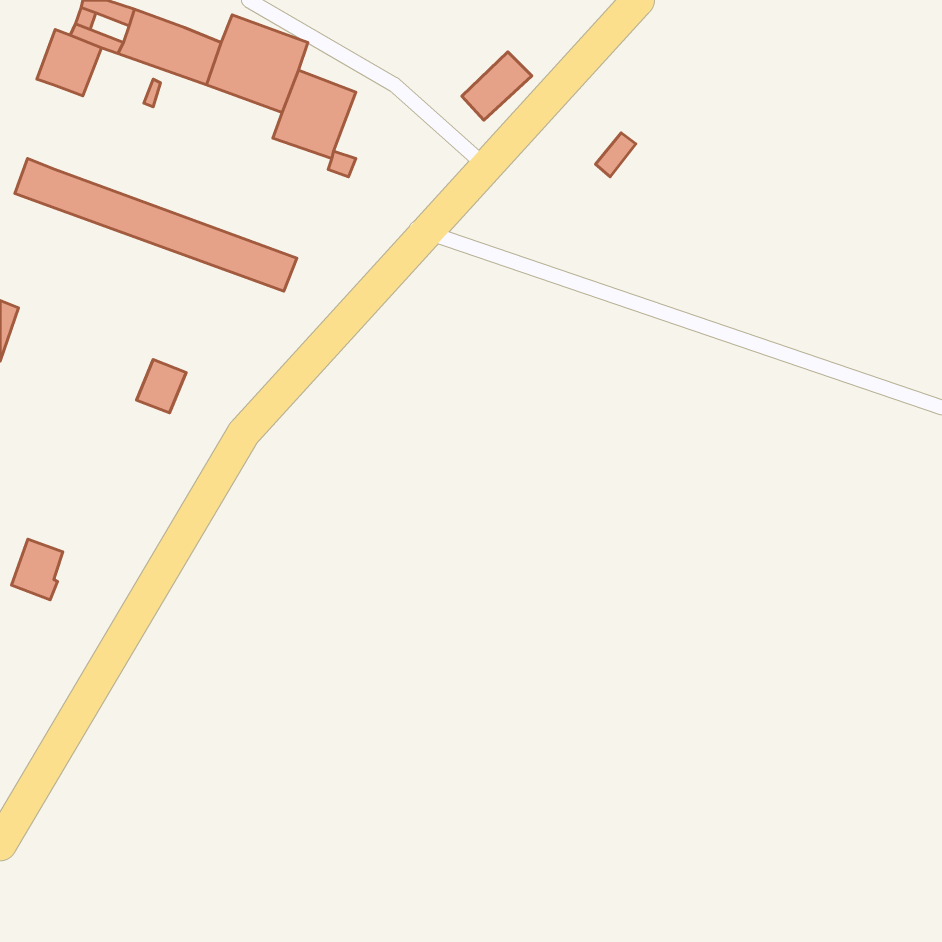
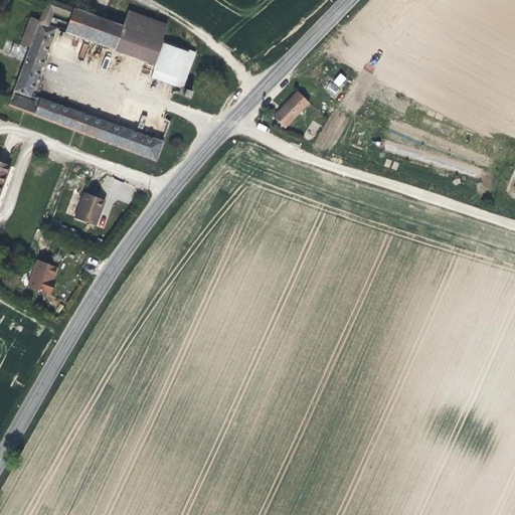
building: [462,52,532,120] -> [273,91,311,128]
building: none -> [15,46,45,93]
building: [11,539,63,600] -> [27,262,55,295]

